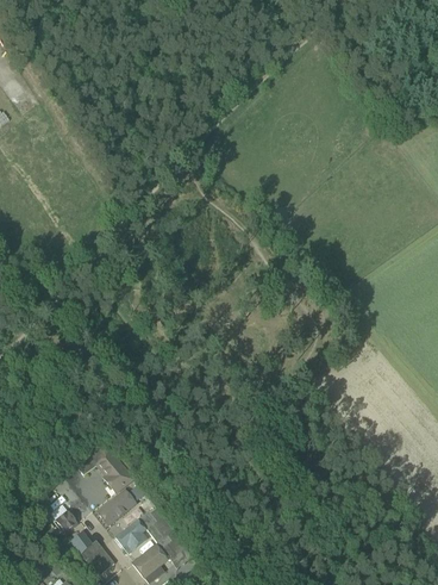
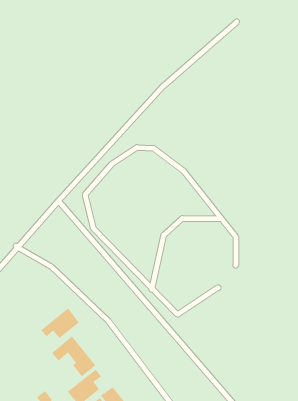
building: none -> [40,307,79,339]

